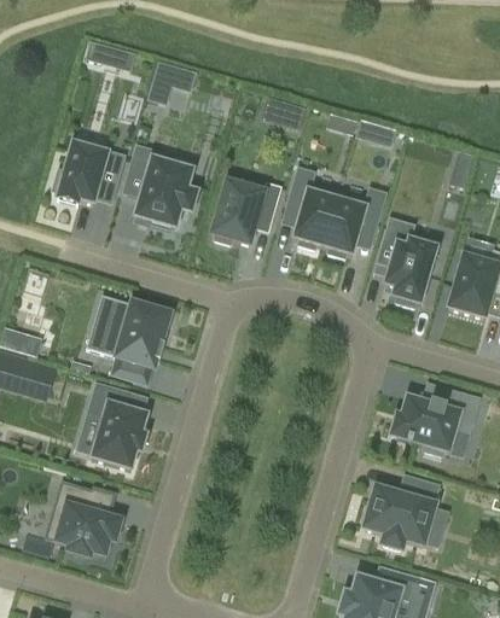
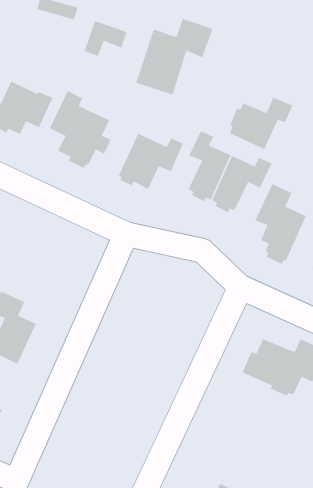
building: none -> [135,18,213,95]
building: none -> [229,96,294,150]
building: [100,299,169,379] -> none
building: [360,476,438,549] -> none

